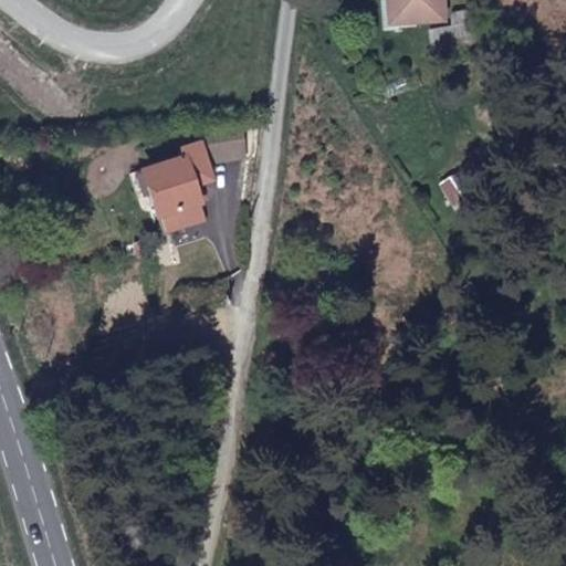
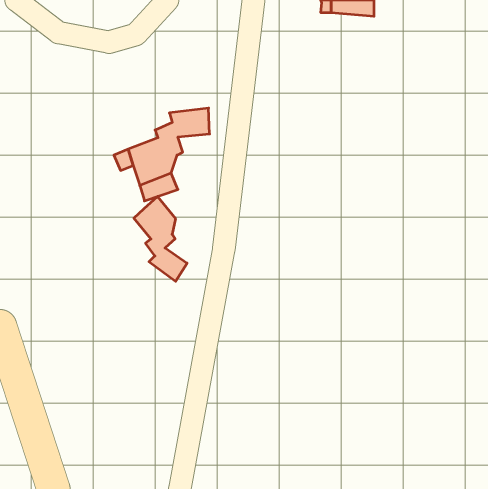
building: none -> [134,196,187,281]

